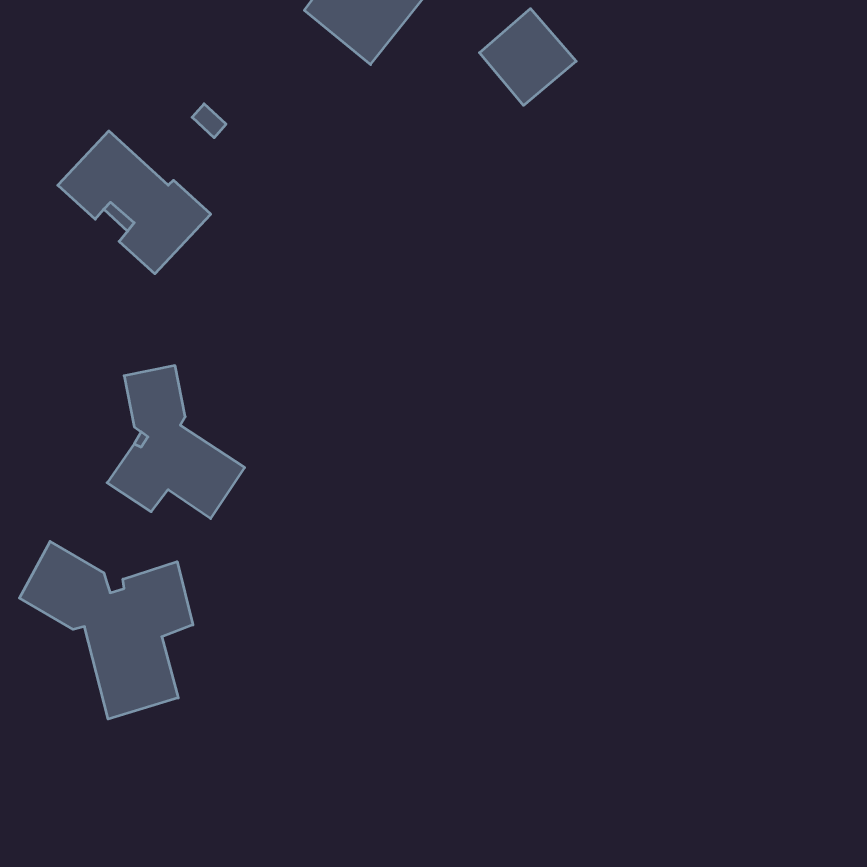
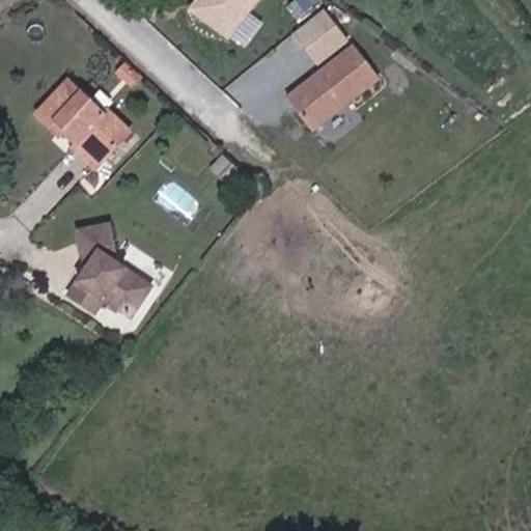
building: none -> [284,39,381,132]
building: [19,541,193,719] -> none

